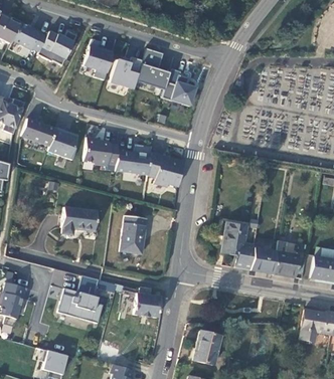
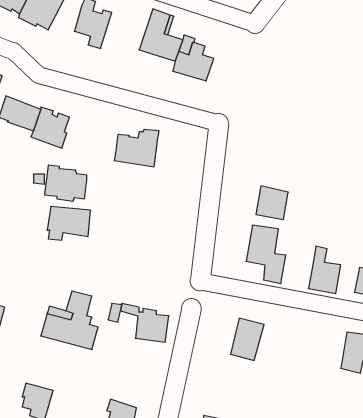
building: [110,55,143,87] -> none
building: [85,136,119,165] -> [45,165,87,201]
building: [148,151,183,185] -> none
building: [120,214,146,252] -> none
building: [250,245,277,272] -> [256,186,288,220]
building: [193,330,220,364] -> [230,318,264,360]

